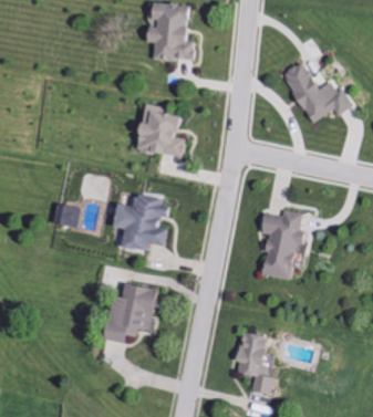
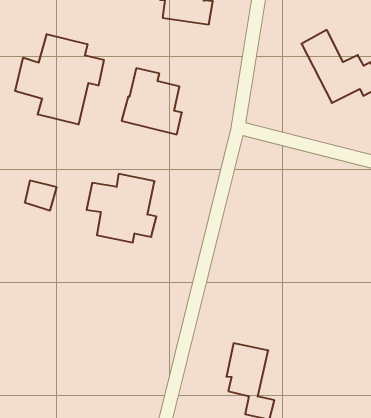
building: none -> [15,34,104,125]
building: [258,210,309,280] -> none
building: [102,283,157,342] -> none

